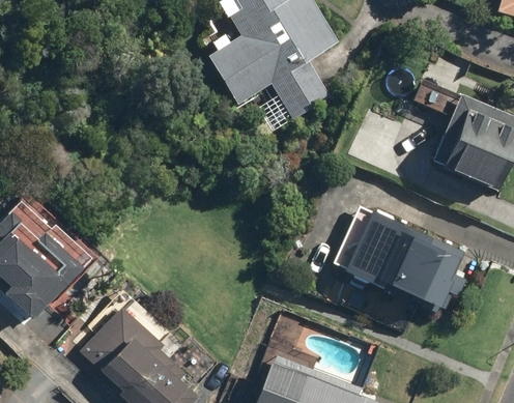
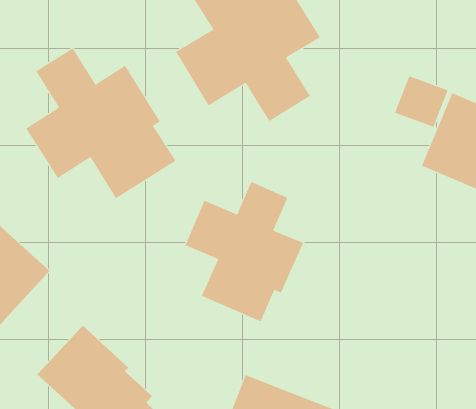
building: none -> [25,47,176,199]
building: none -> [185,181,304,322]
building: [332,205,465,313] -> none

